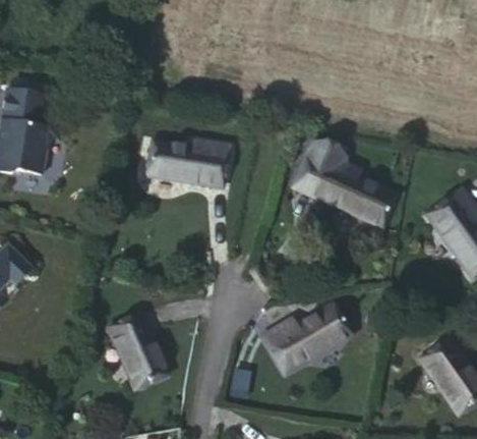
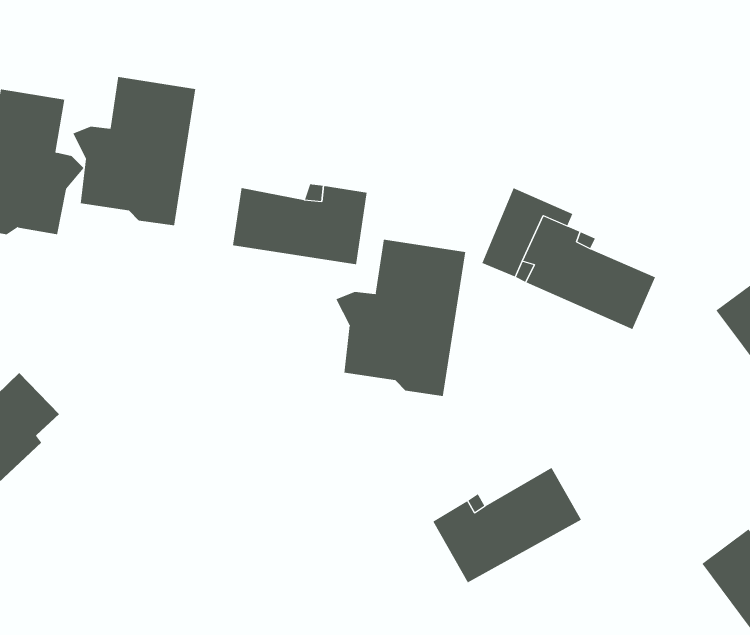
building: none -> [72,76,196,226]
building: none -> [336,239,466,397]
building: [107,315,163,386] -> none

